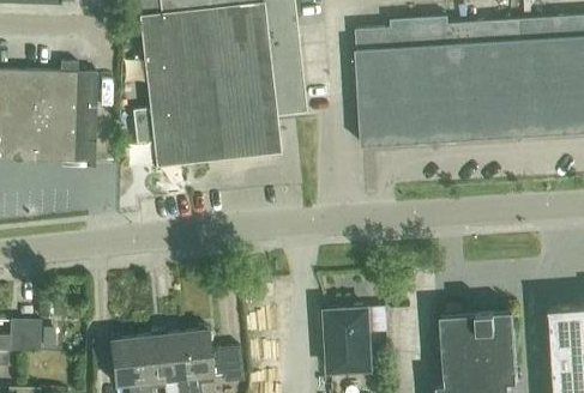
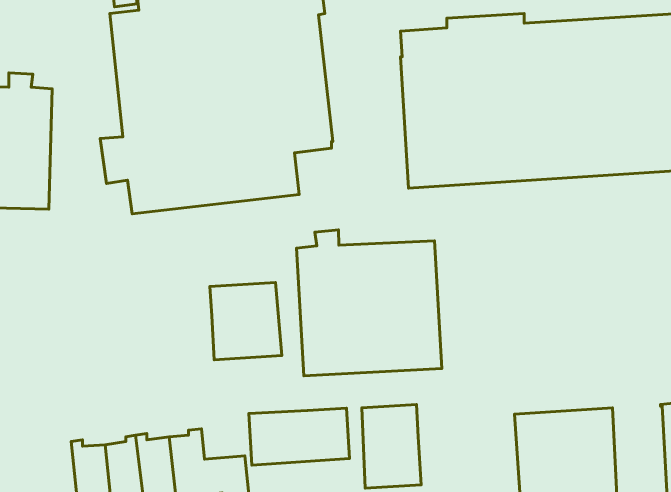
building: none -> [297,230,442,376]
building: none -> [210,282,282,360]
building: none -> [249,408,349,465]

